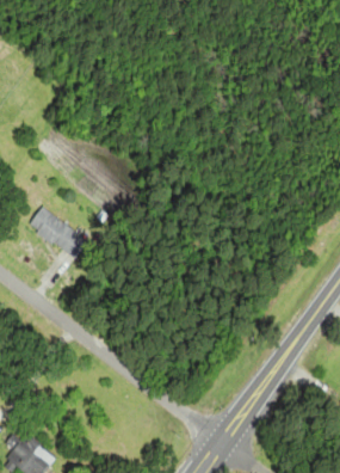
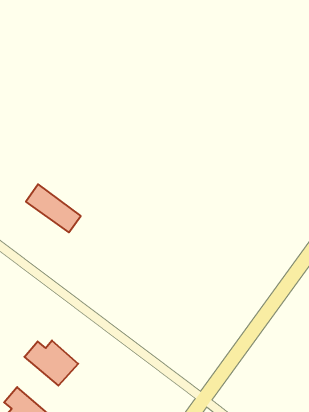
building: none -> [24,340,78,386]

